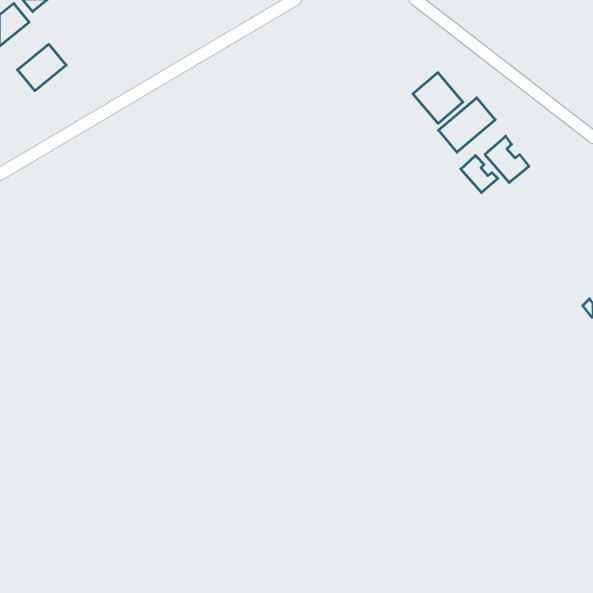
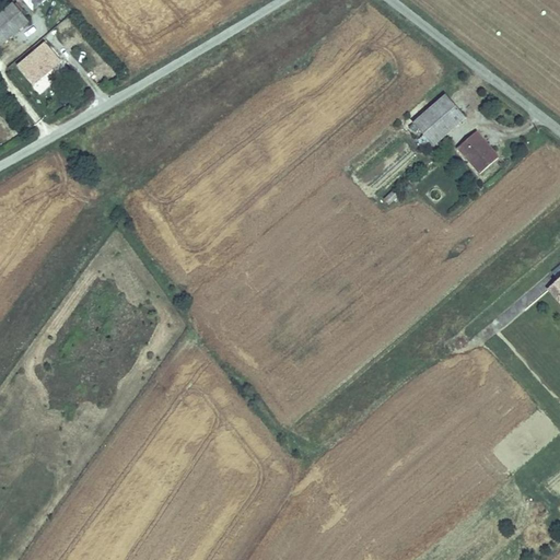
building: [413,73,463,123] -> none
building: [461,155,498,193] -> none

